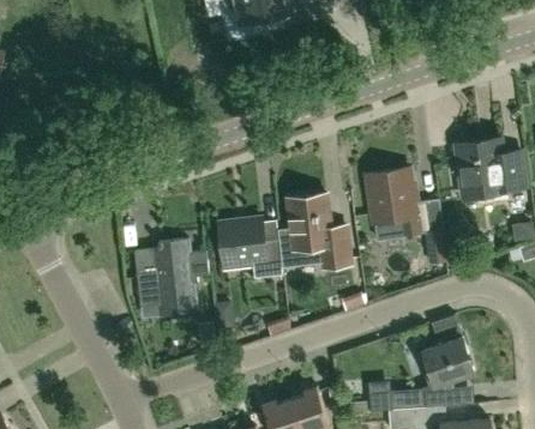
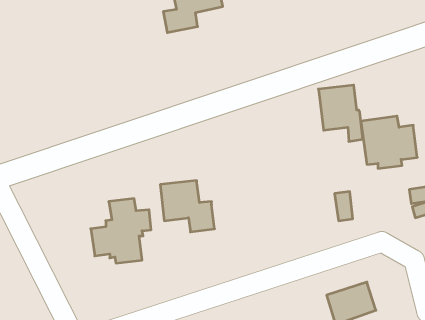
building: [367,169,420,236] -> [318,85,363,141]
building: [278,194,349,274] -> none

